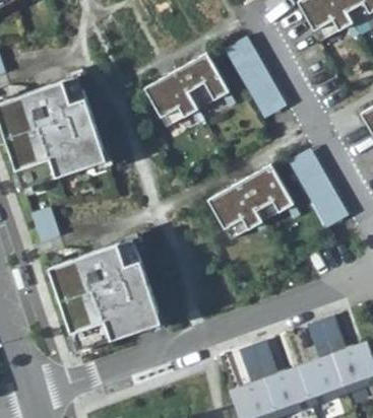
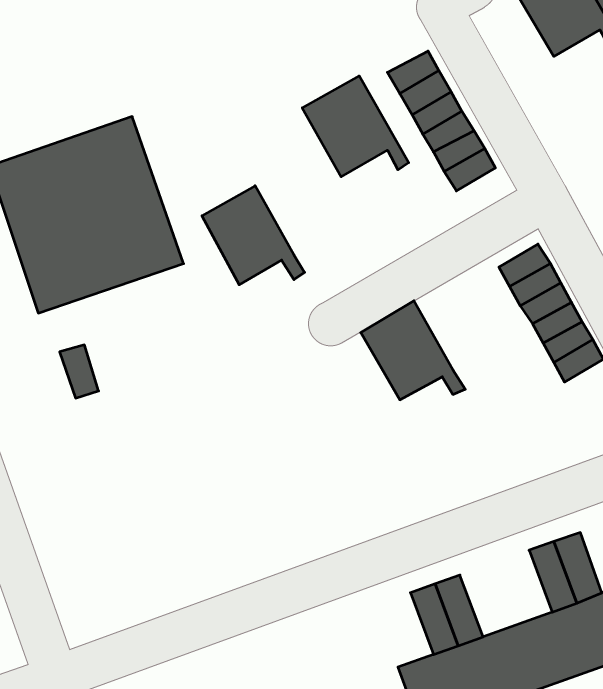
building: [144,71,203,128] -> [202,186,305,285]
building: [239,163,300,221] -> none
building: [51,239,161,350] -> none

